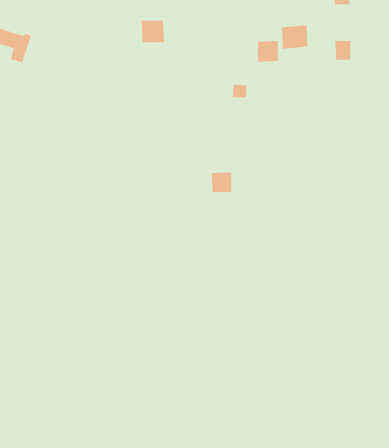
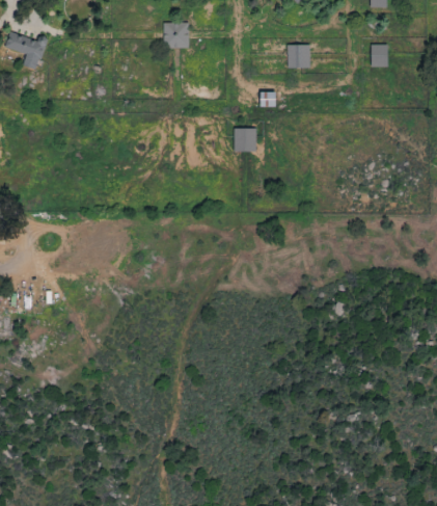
building: [281,25,308,49] -> none
building: [211,172,232,193] -> [234,128,256,151]

